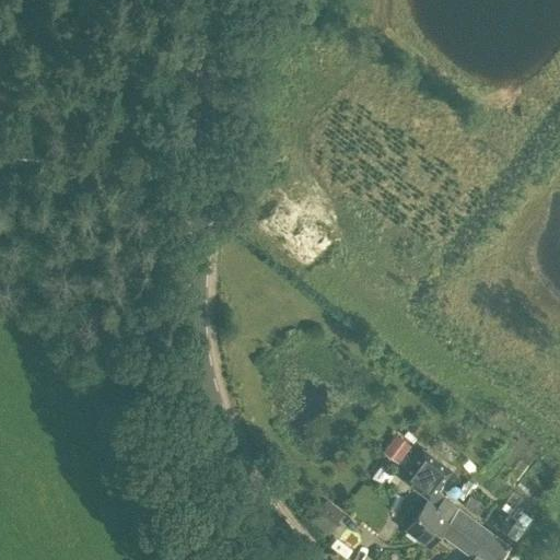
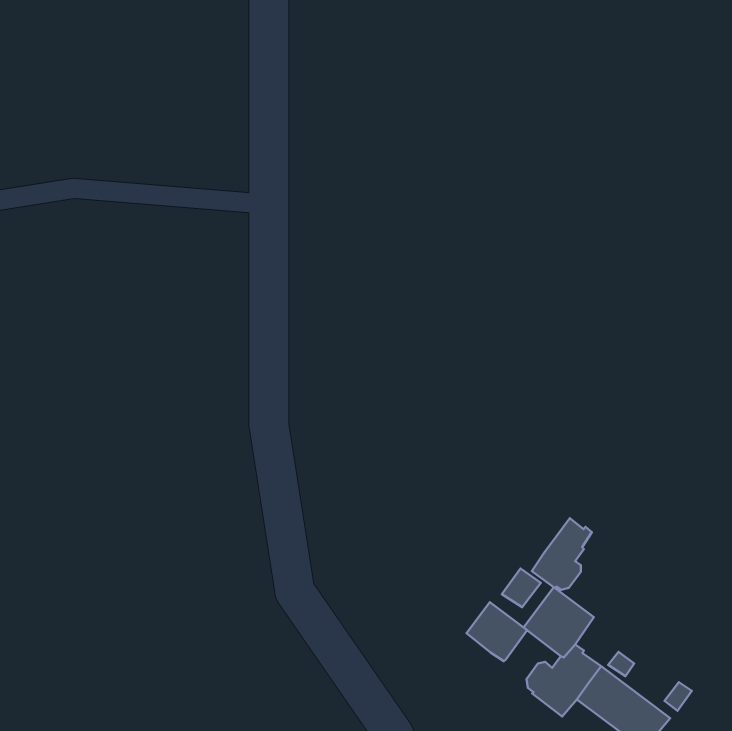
building: none -> [532,518,592,590]
building: none -> [467,602,527,661]

